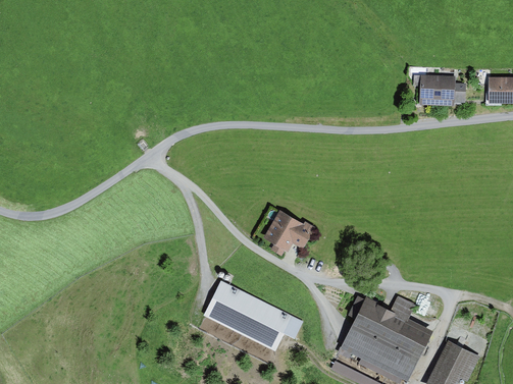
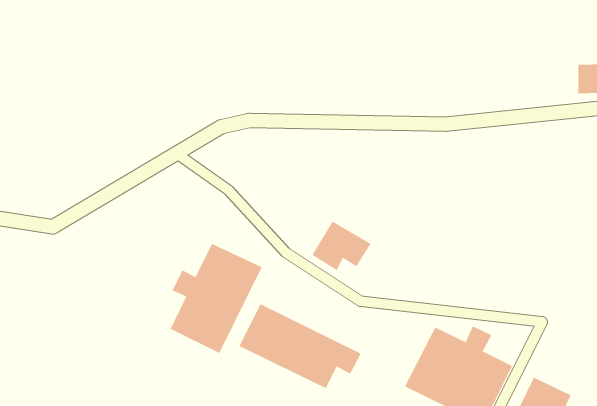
building: [418,73,465,105] -> none
building: none -> [170,243,262,354]

